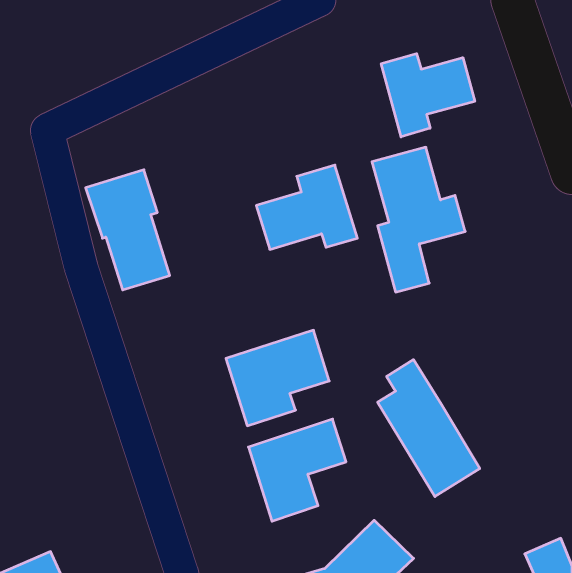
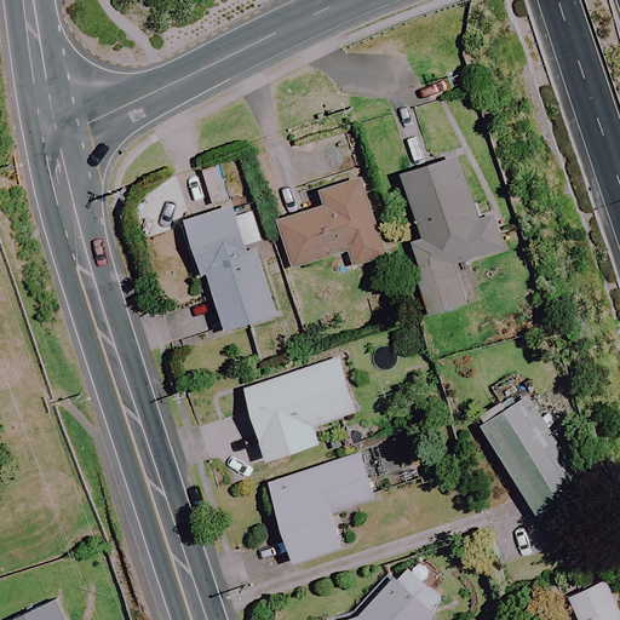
building: [381,54,475,137] -> none
building: [86,170,170,290] -> [184,202,275,332]
building: [378,360,480,497] -> [473,369,584,517]

